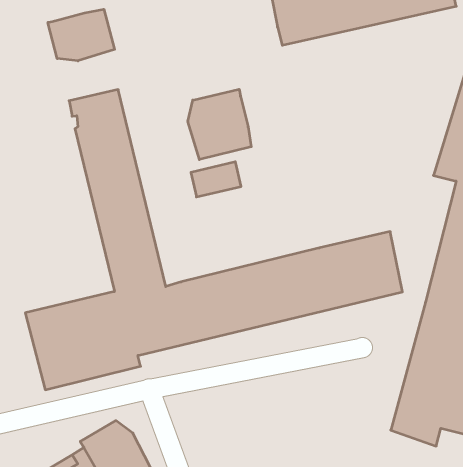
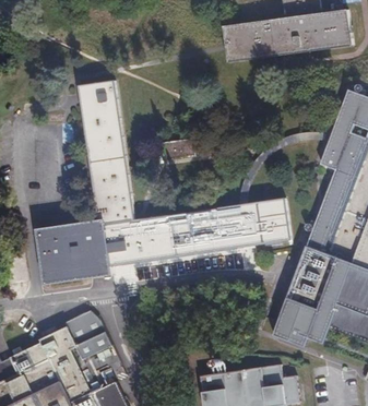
building: [48,9,115,61] -> none
building: [188,89,251,160] -> none

